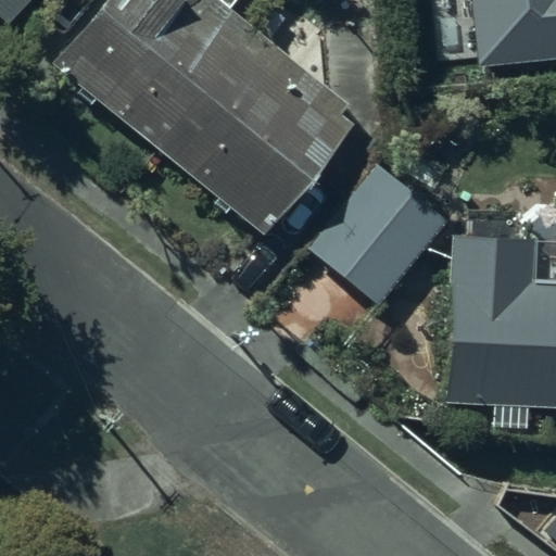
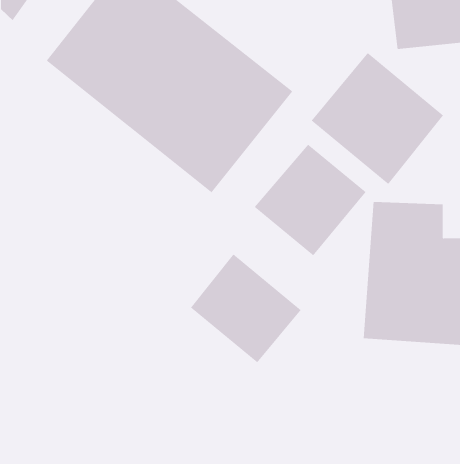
building: none -> [311,52,444,185]
building: none -> [190,254,301,363]

